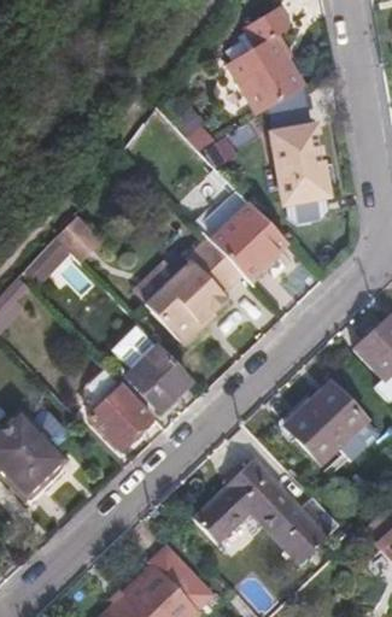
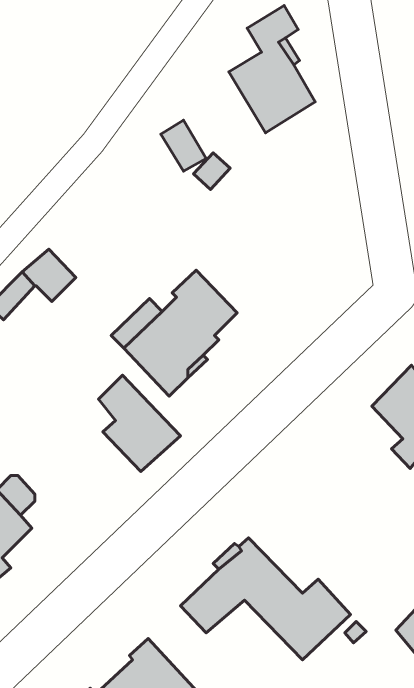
building: [274,133,338,219] -> none
building: [198,201,286,278] -> none
building: [84,363,151,445] -> none
building: [282,384,362,463] -> none

